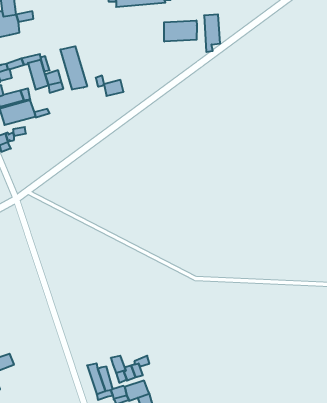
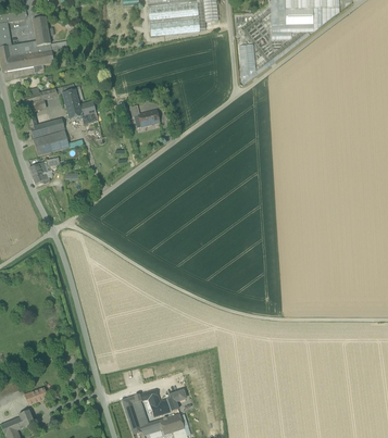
building: [164,20,197,42] -> none
building: [60,46,87,90] -> none

